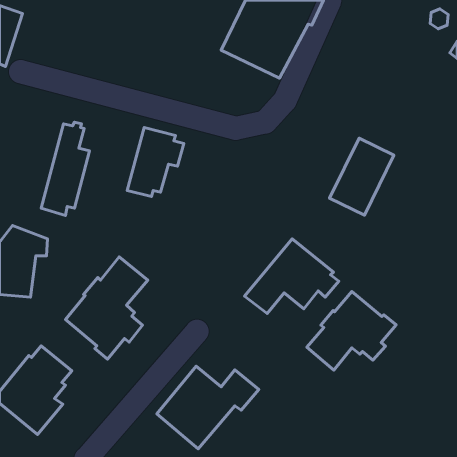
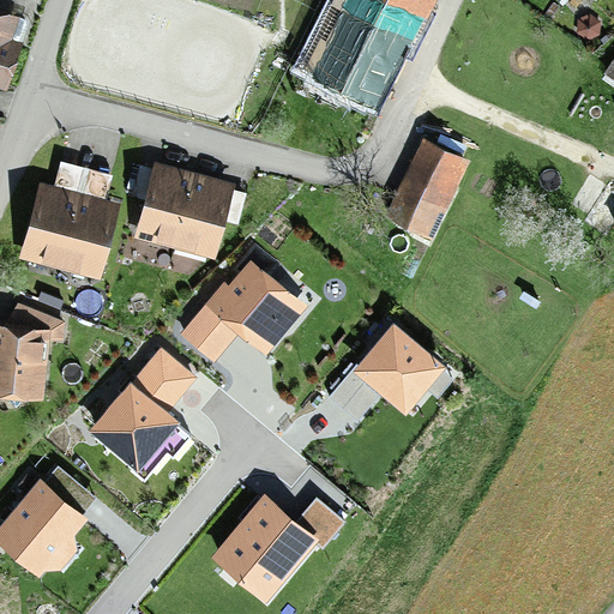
building: none -> [18,161,85,281]
building: none -> [125,162,193,257]
building: [329,138,394,215] -> [383,137,469,240]
building: none -> [179,245,308,362]
building: [307,292,396,370] -> none

